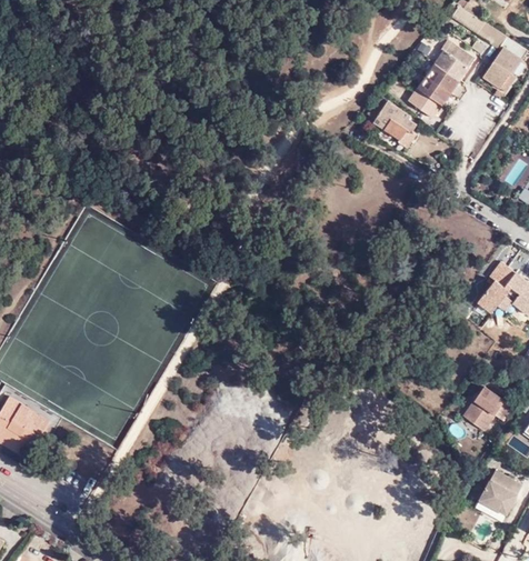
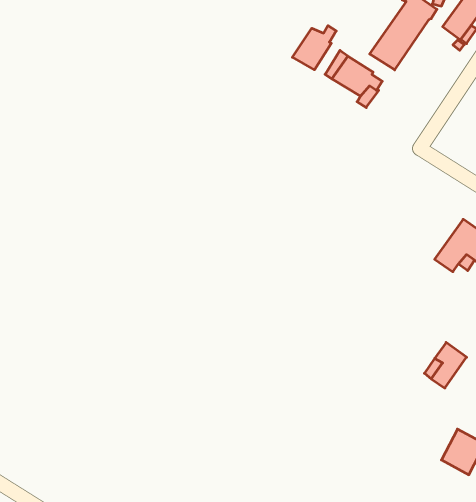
building: none -> [292,26,336,70]

